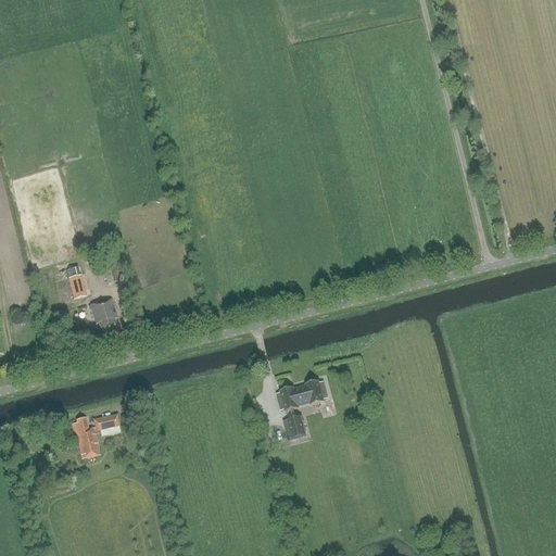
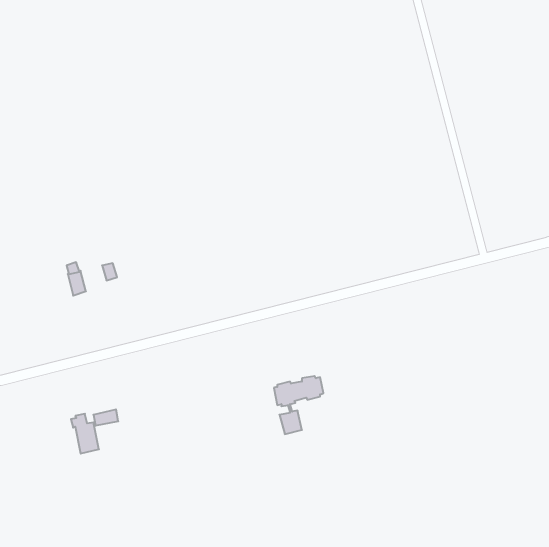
building: [90,298,117,333] -> none

